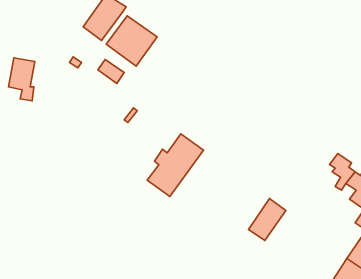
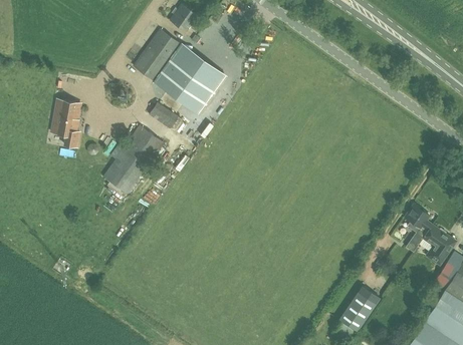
building: [147,134,204,197] -> [102,125,165,195]
building: [248,199,286,241] -> [338,286,380,332]

